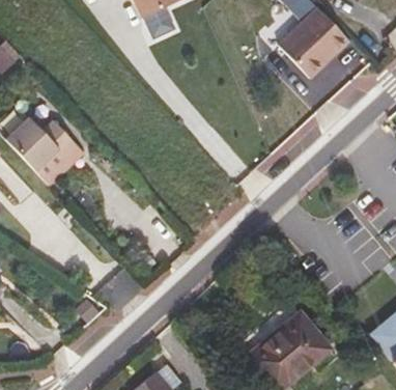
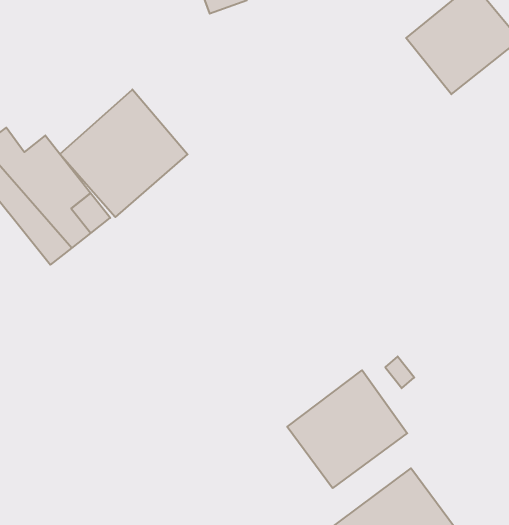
building: none -> [60,89,188,217]
building: none -> [287,370,407,488]

